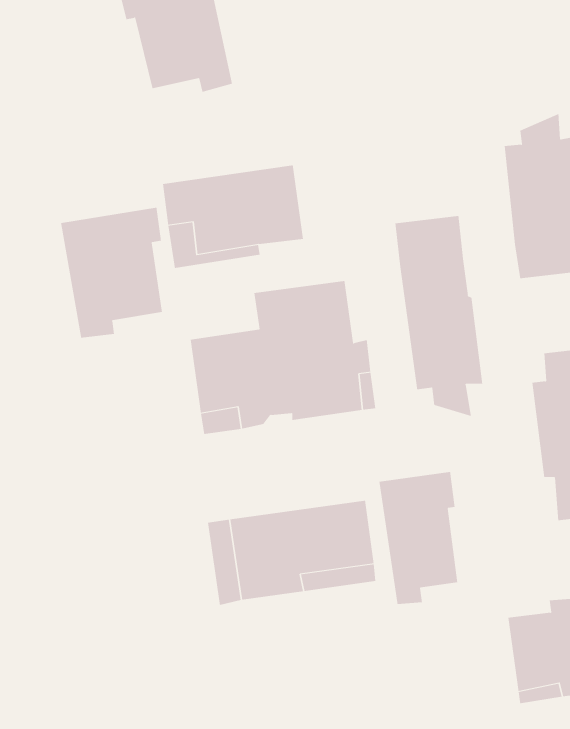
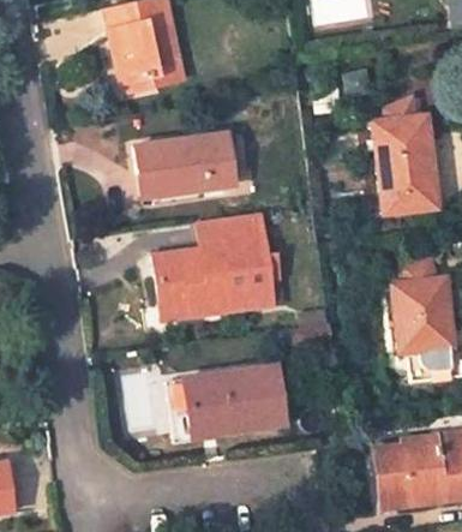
building: [60,207,162,339] -> none
building: [395,215,483,417] -> none
building: [379,471,458,605] -> none

